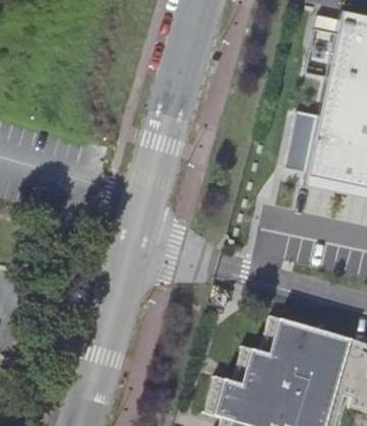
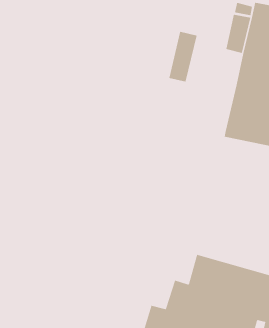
building: [286,109,320,170] -> [168,31,197,82]

